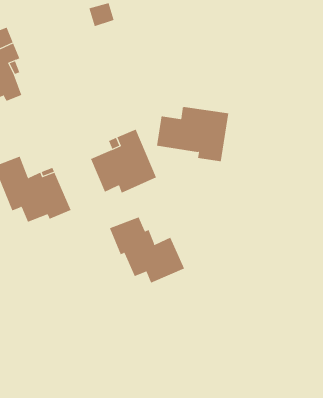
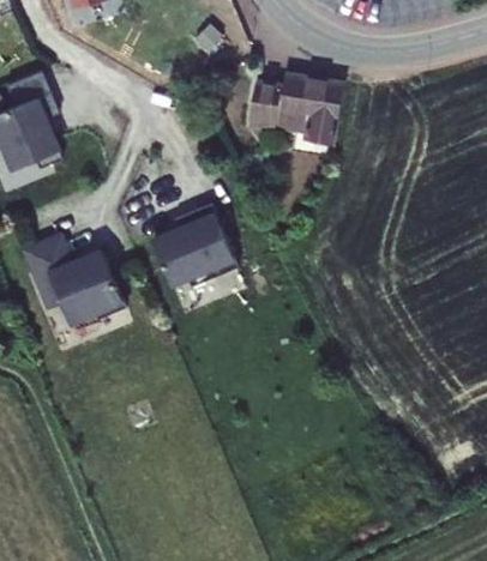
building: [156,107,229,162] -> [258,78,351,149]
building: [109,216,185,283] -> none

